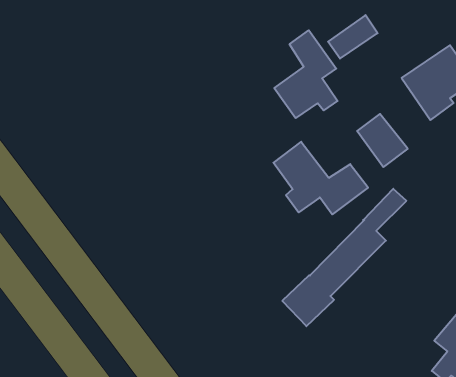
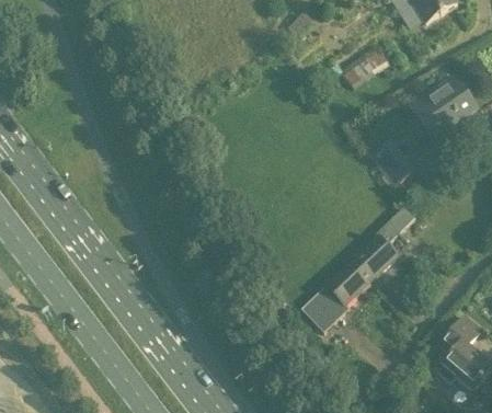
building: [274,30,338,118] -> none
building: [273,142,368,214] -> none

